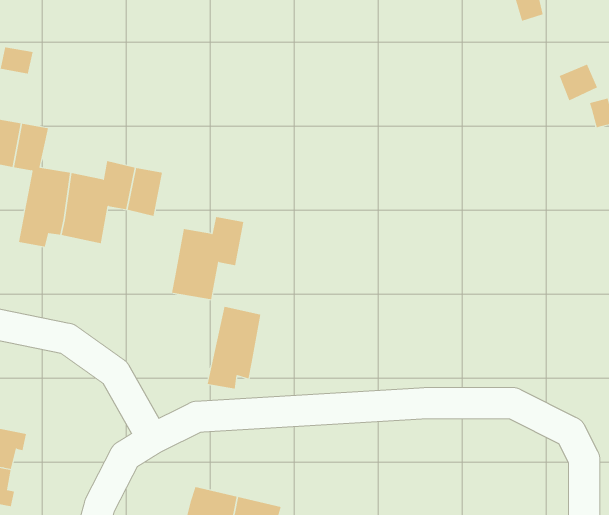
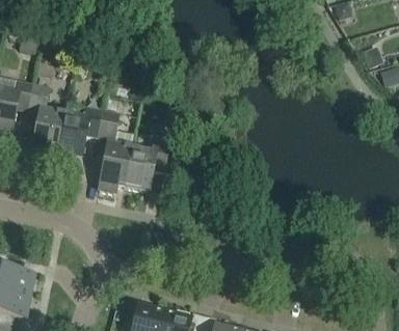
building: [207,306,261,389] -> [98,140,131,191]

